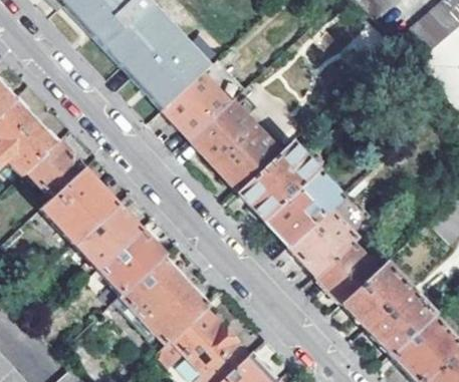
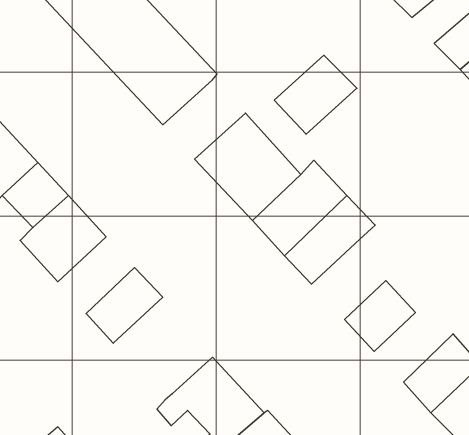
building: [165,73,235,140] -> [274,55,357,134]
building: [75,207,141,282] -> none
building: [291,209,361,277] -> none
building: [123,258,210,345] -> none
building: [345,263,412,330] -> none

